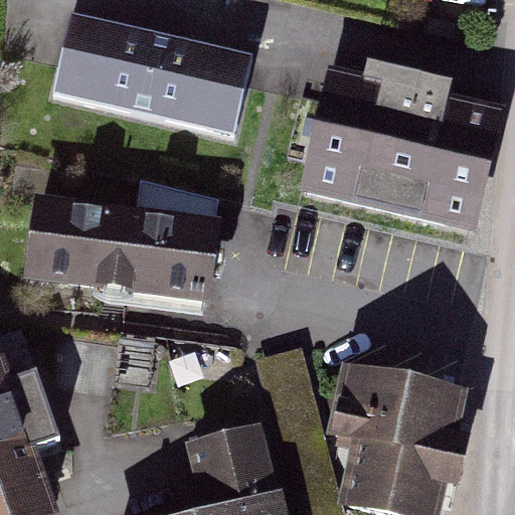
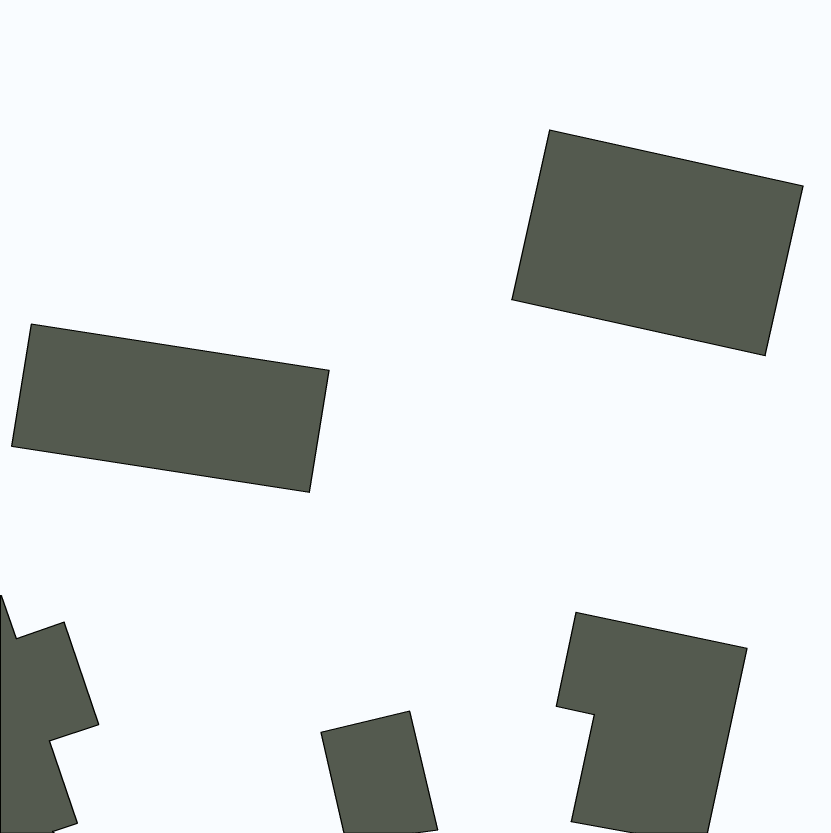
building: [44,14,239,131] -> none

